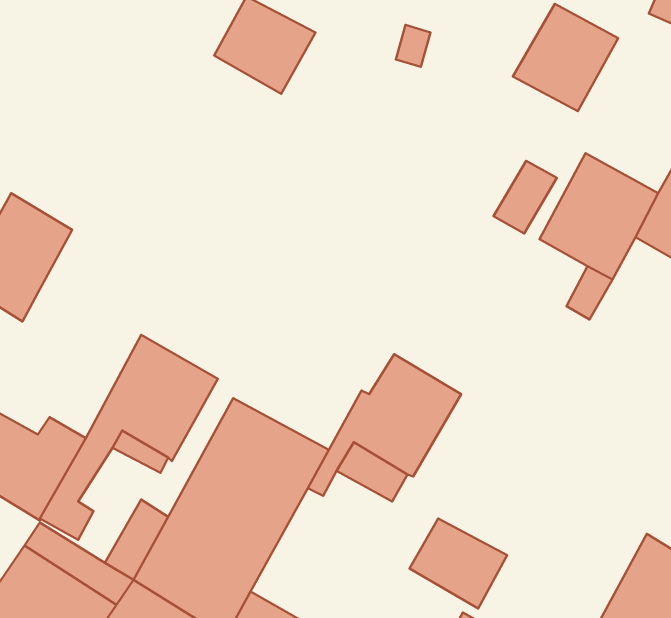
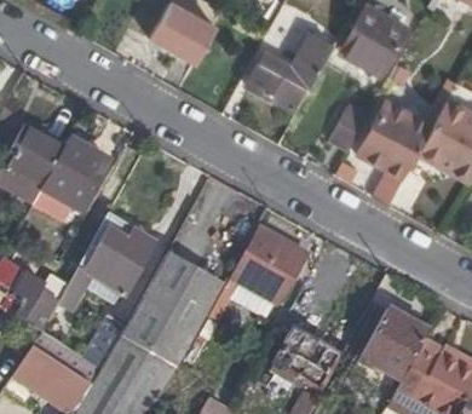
building: none -> [248,24,338,107]
building: none -> [42,133,109,206]
building: none -> [363,305,432,379]

